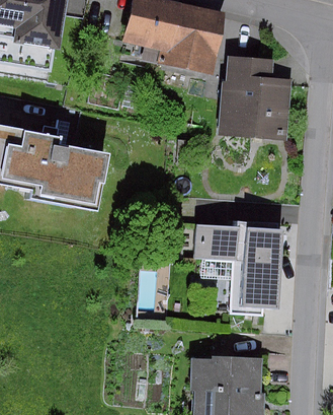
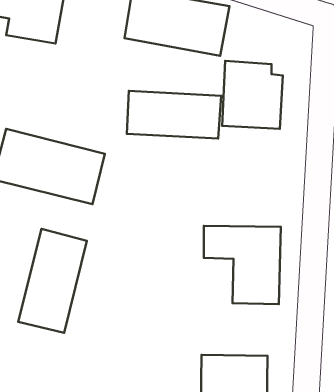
building: none -> [127,91,221,139]
building: none -> [18,229,87,333]

